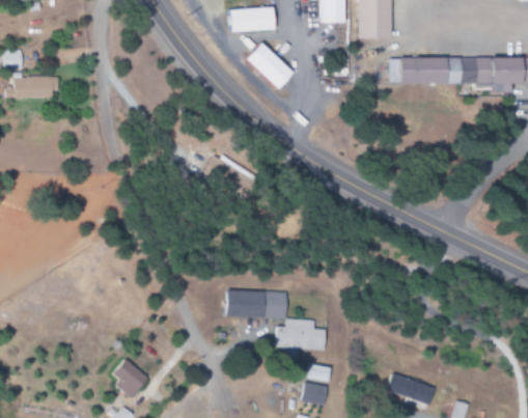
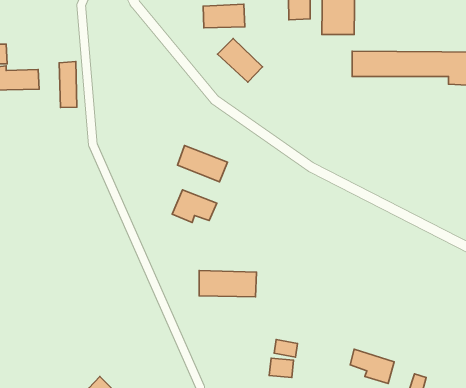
building: none -> [59,62,77,108]
building: none -> [172,190,217,222]
building: [275,318,327,357] -> none
building: [113,358,148,397] -> none

